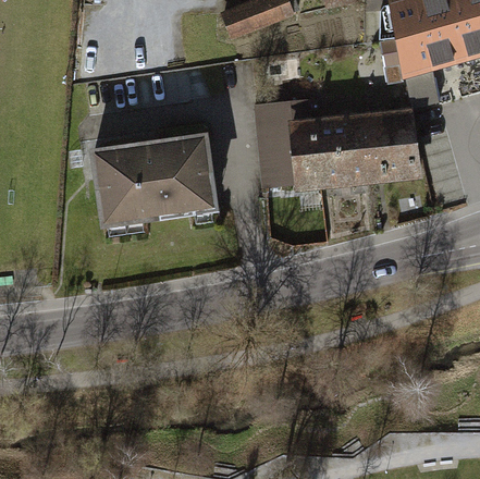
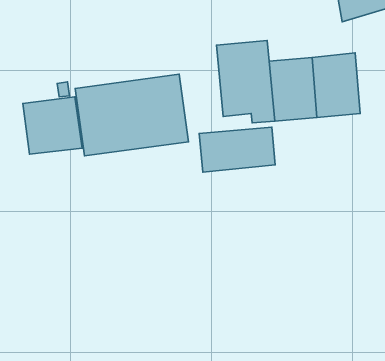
building: none -> [23,97,82,154]
building: none -> [199,127,275,172]

